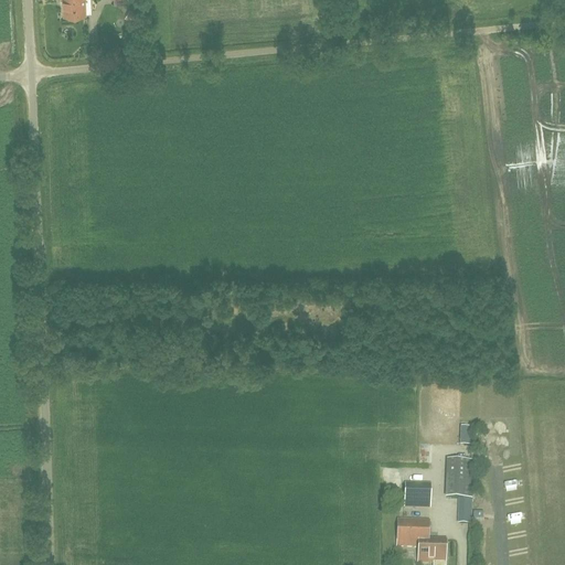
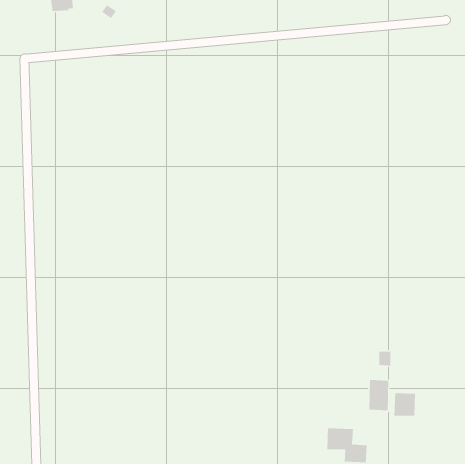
building: none -> [394,393,416,417]
building: [403,482,430,508] -> none

